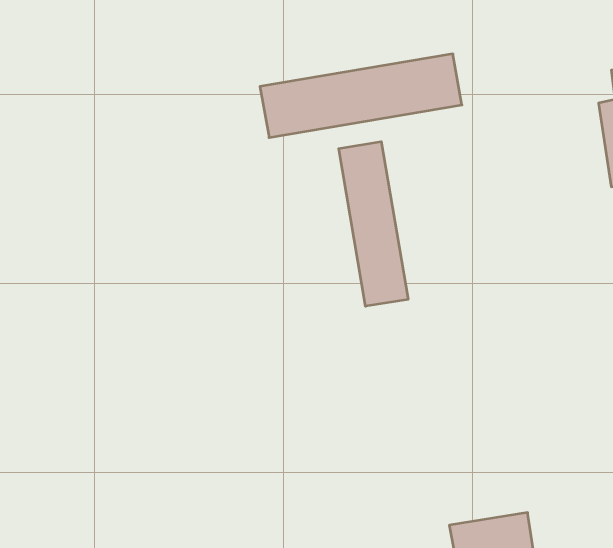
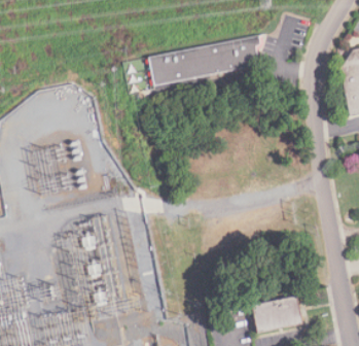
building: [339,142,408,306] -> none

